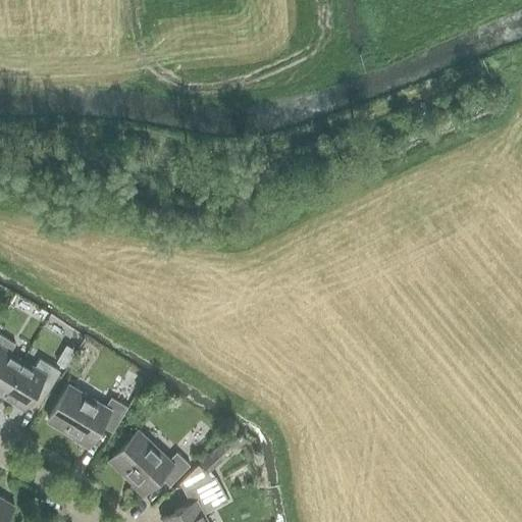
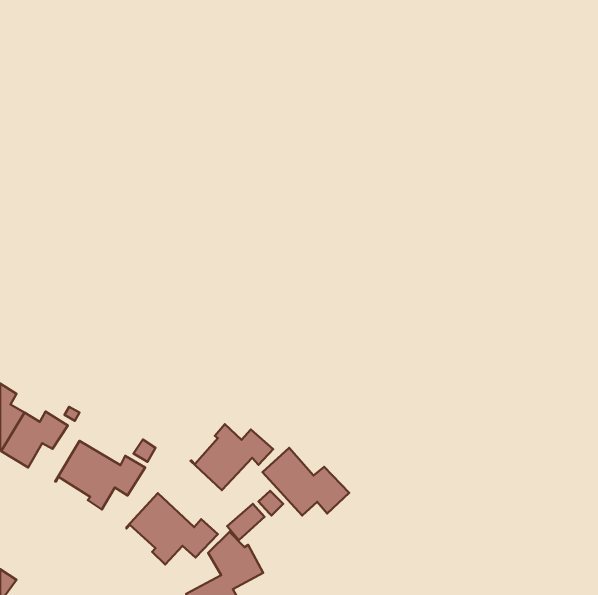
building: none -> [191,424,273,490]
building: none -> [263,448,349,516]

